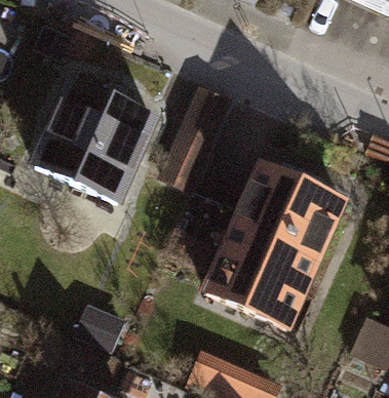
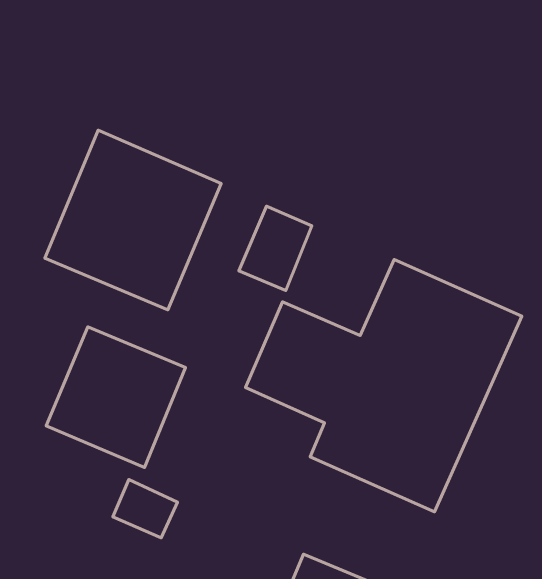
building: none -> [46,327,185,468]

